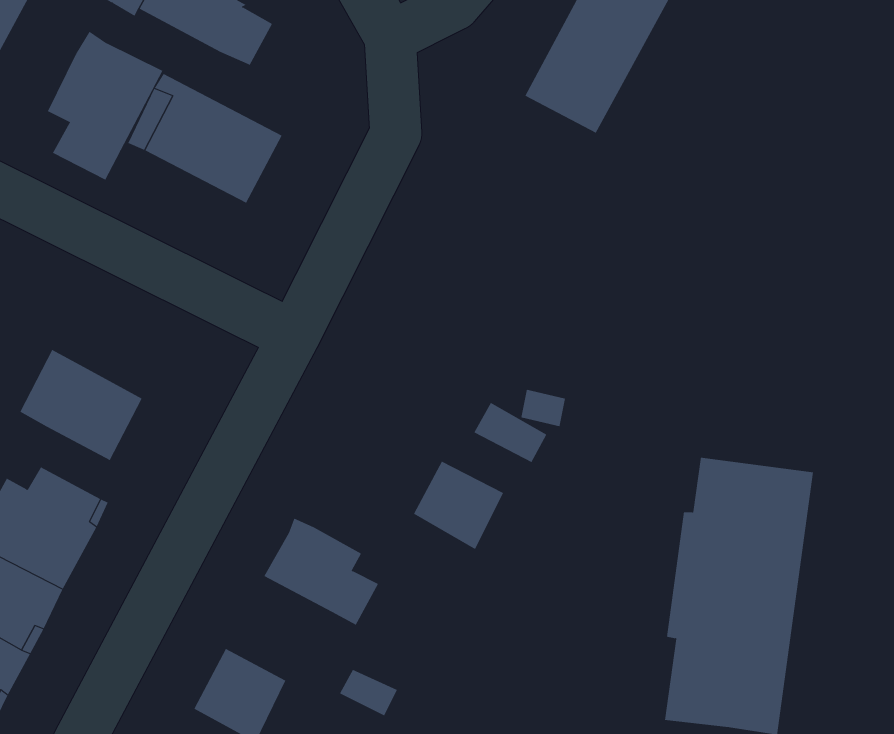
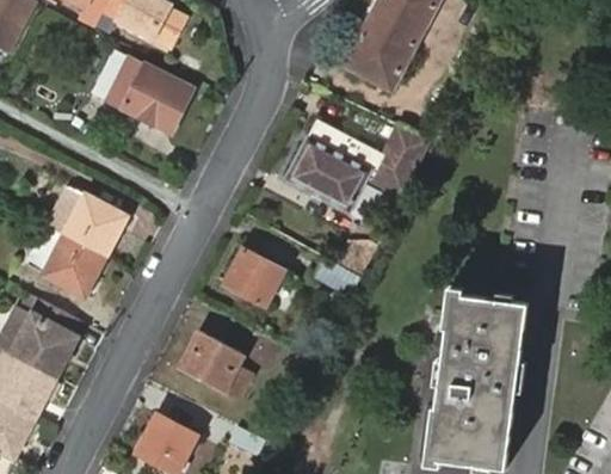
building: [47,31,163,181] -> none
building: none -> [285,118,430,213]
building: none -> [47,186,124,256]
building: [413,461,504,550] -> [226,250,283,306]

